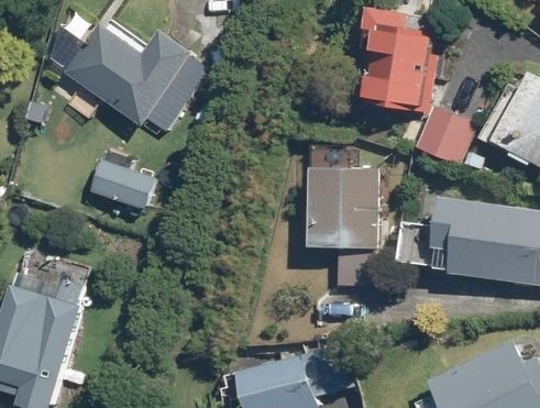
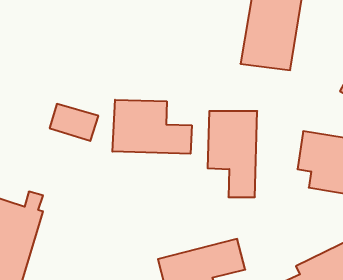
building: [63,22,191,128] -> none
building: [412,104,475,165] -> none
building: none -> [112,100,192,154]

